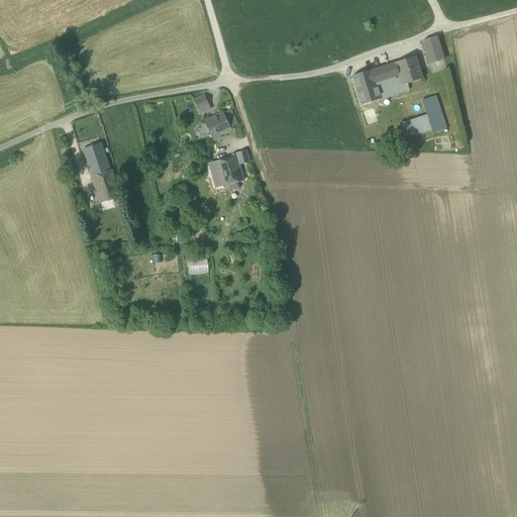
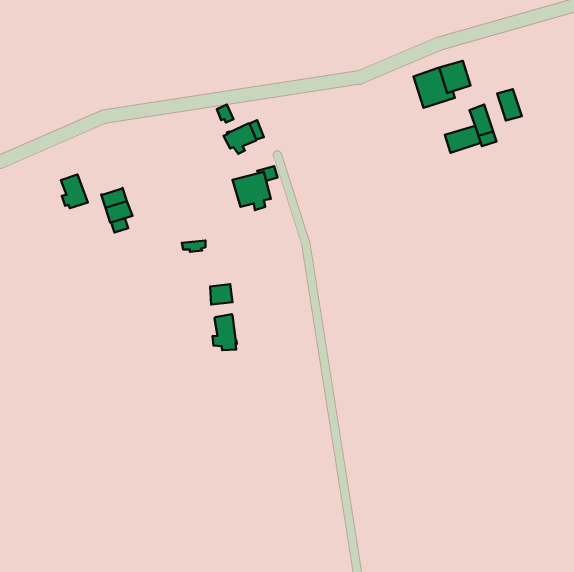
building: [422,35,444,64] -> [497,89,522,121]
building: [352,69,381,103] -> none
building: [85,144,109,175] -> [61,175,88,208]
building: none -> [212,314,237,350]

